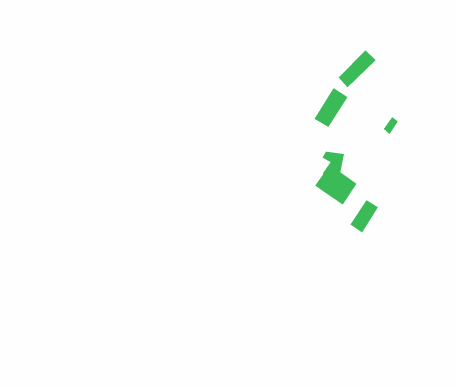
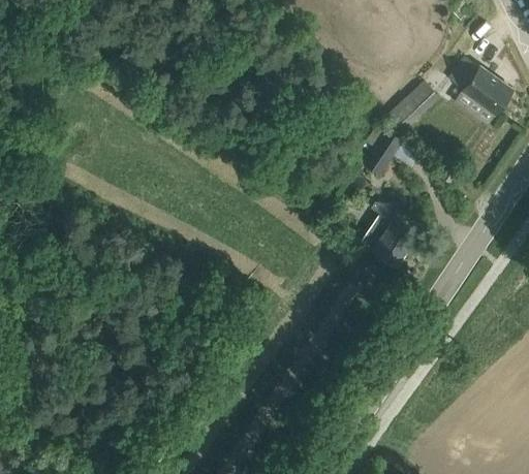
building: none -> [450,59,515,116]
building: [349,199,379,233] -> none

